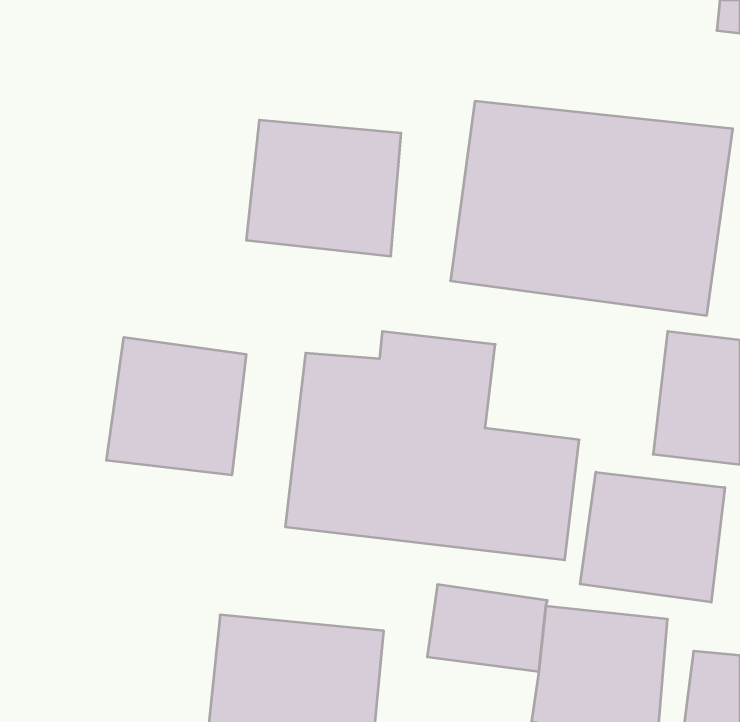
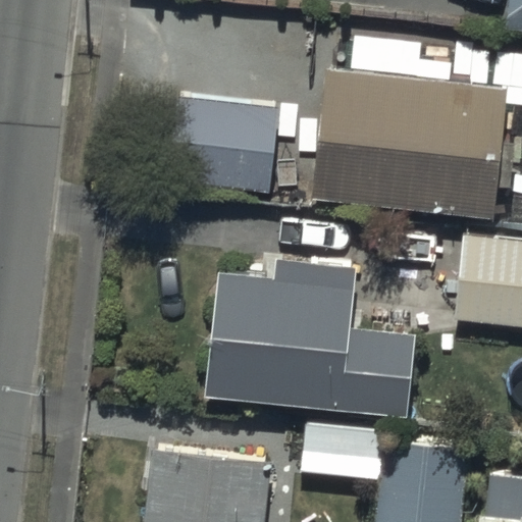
building: [106,337,246,475] -> none
building: [580,472,725,602] -> none

